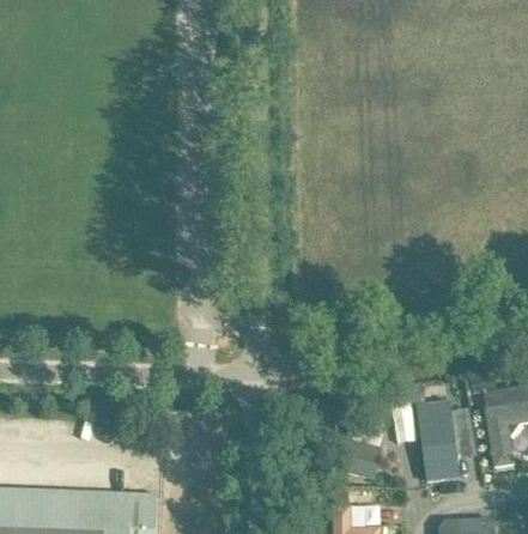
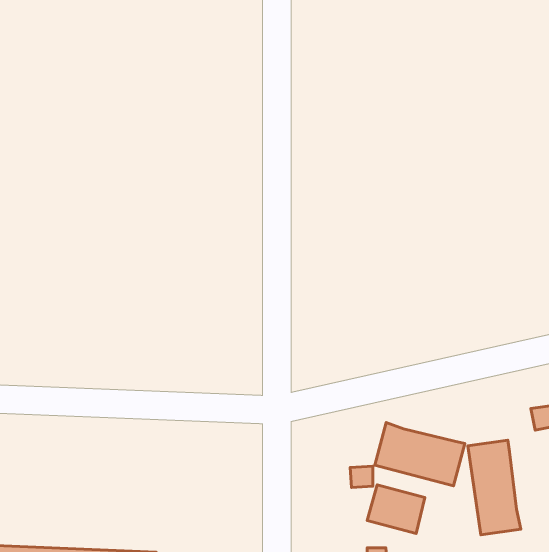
building: none -> [375,423,465,486]

